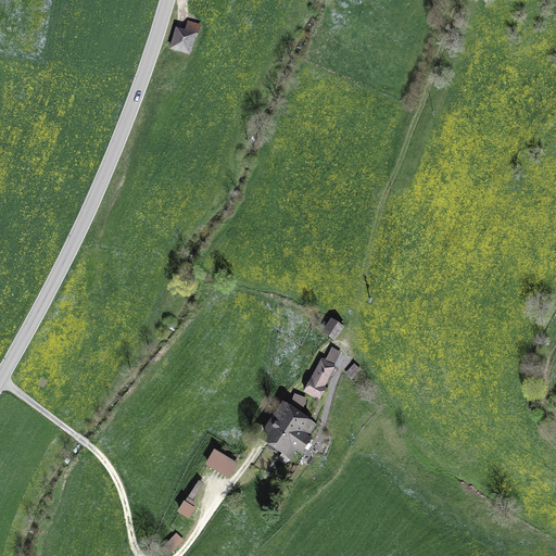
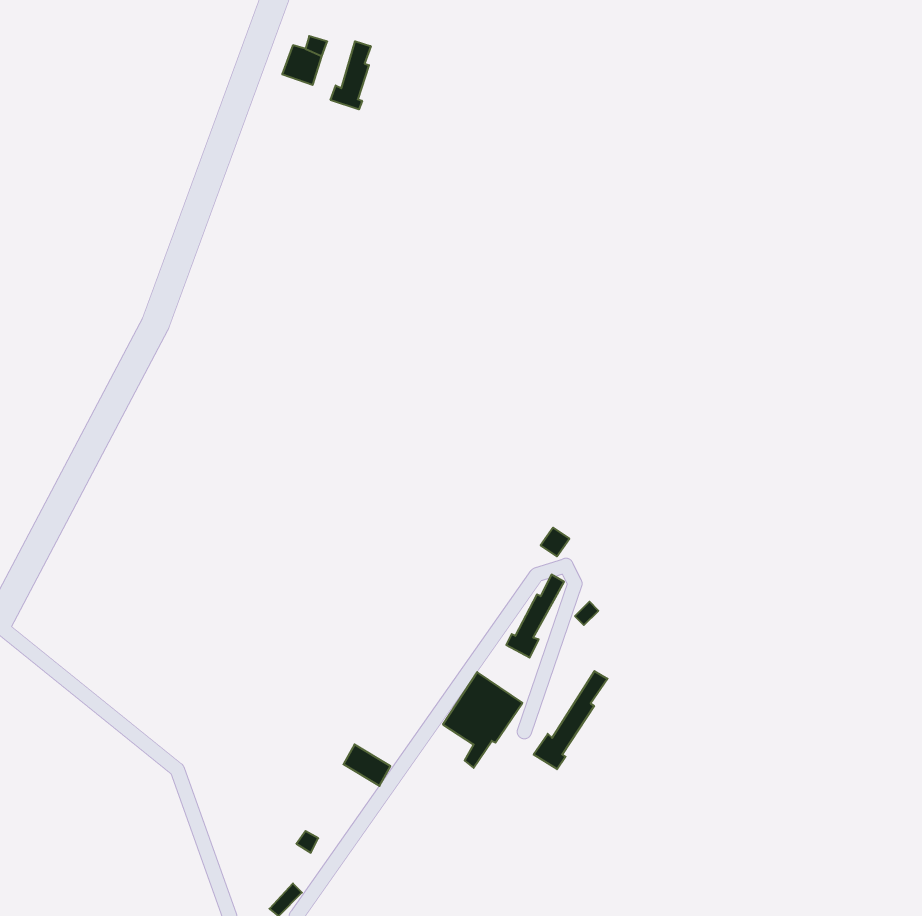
building: none -> [331,41,371,109]
building: none -> [534,671,608,769]

